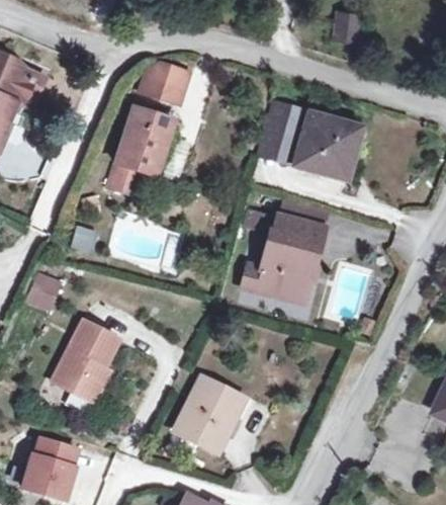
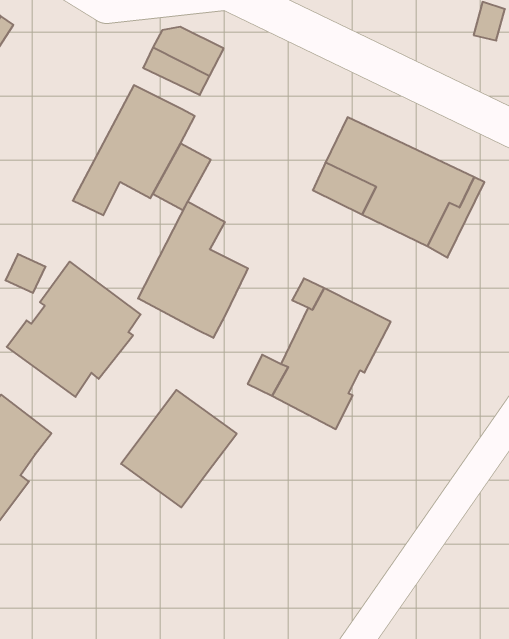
building: none -> [138,202,248,338]
building: none -> [7,262,141,397]
building: [174,376,245,451] -> [121,390,237,507]

